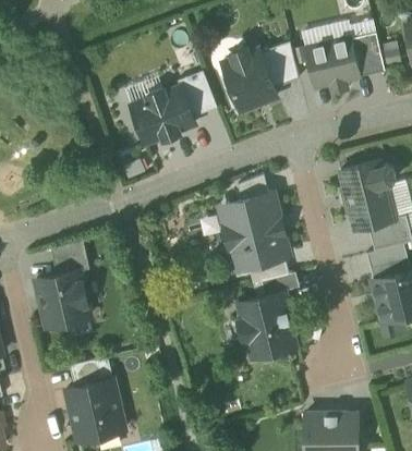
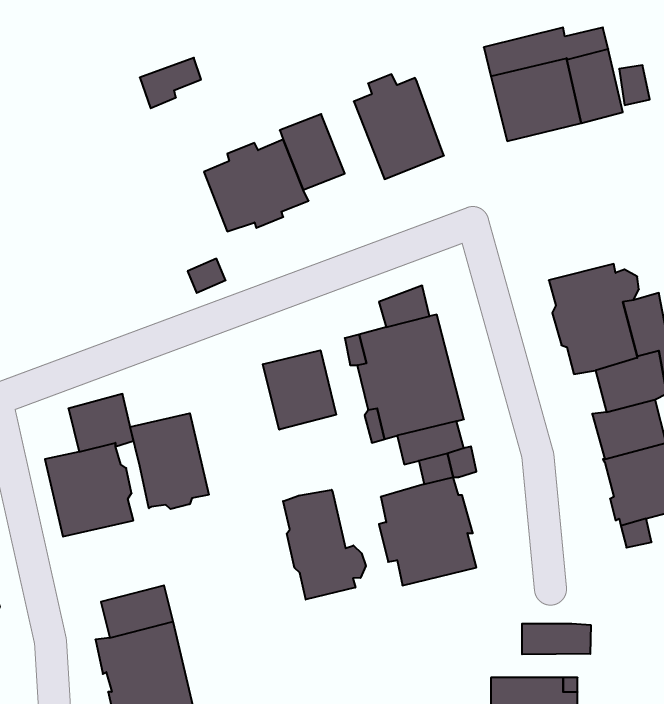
building: [259,42,298,89] -> none
building: [124,77,161,108] -> [140,58,201,108]
building: none -> [263,350,336,430]
building: none -> [130,413,209,509]
building: none -> [283,490,366,600]
building: none -> [522,624,591,654]

